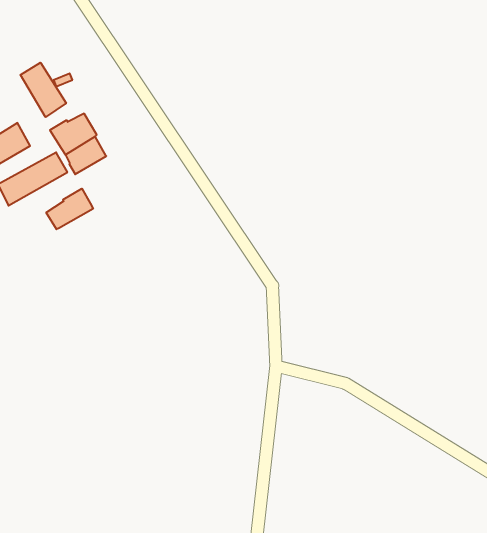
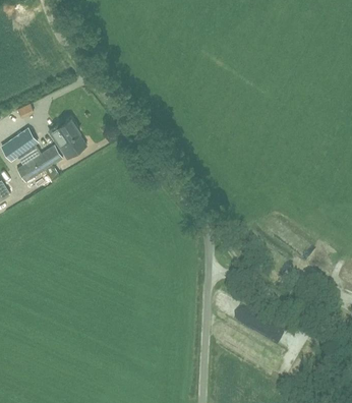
building: [20,63,66,117] -> none
building: [46,189,93,229] -> none

